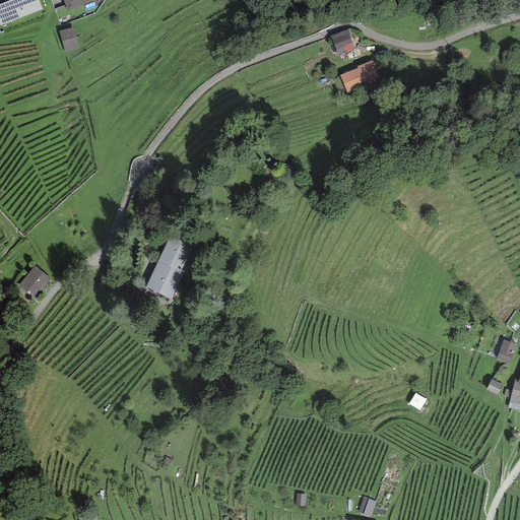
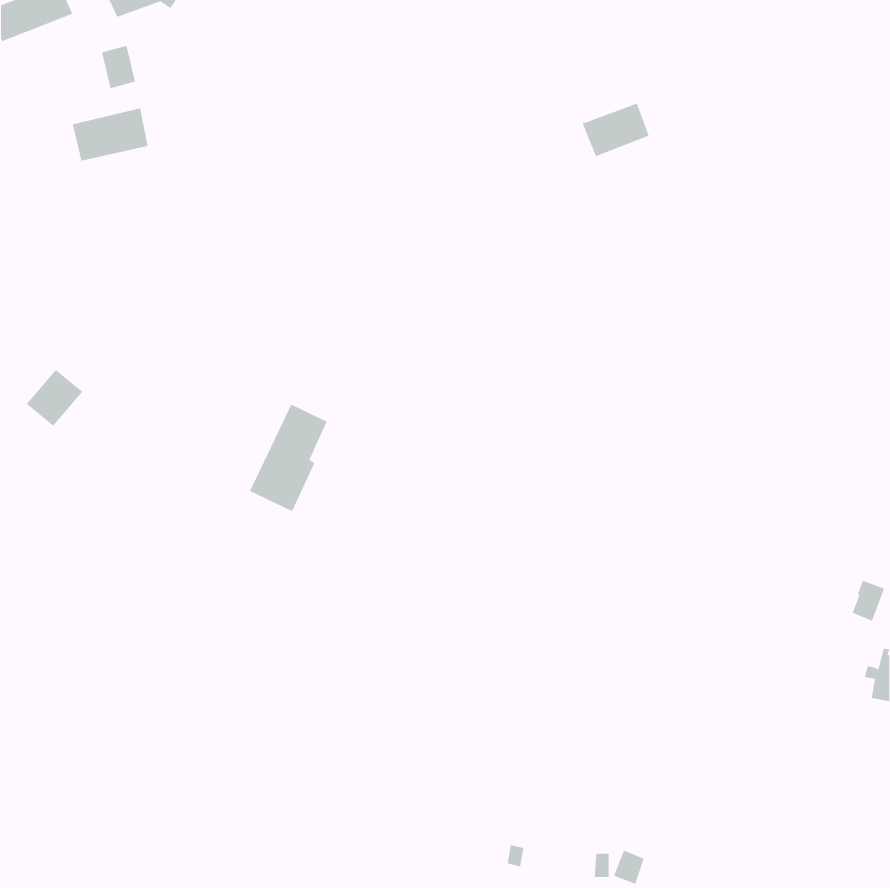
building: [330,27,356,53] -> none
building: none -> [72,107,148,162]
building: [17,265,51,299] -> [26,369,83,427]

